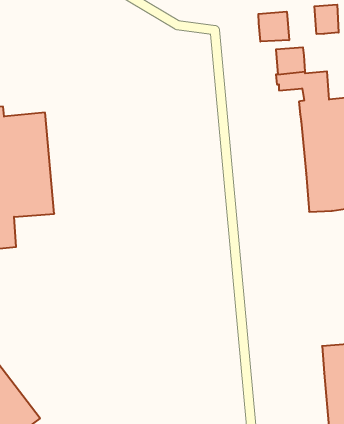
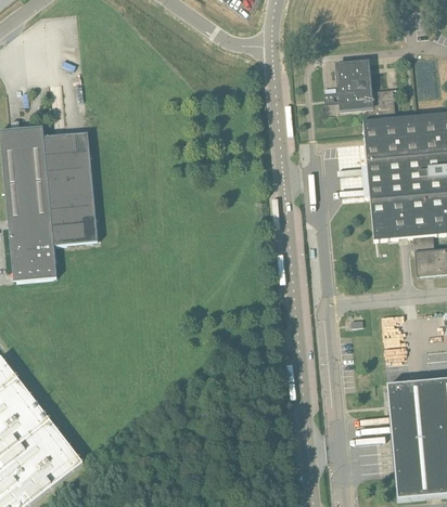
building: [314,5,339,34] -> none
building: [258,12,289,42] -> none

